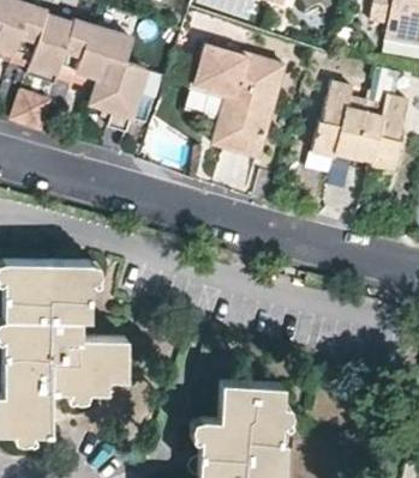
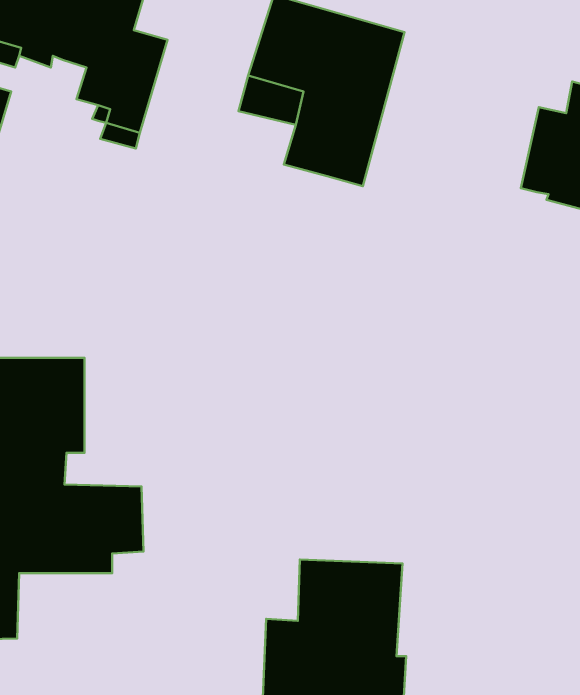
building: [315,80,366,157] -> none

